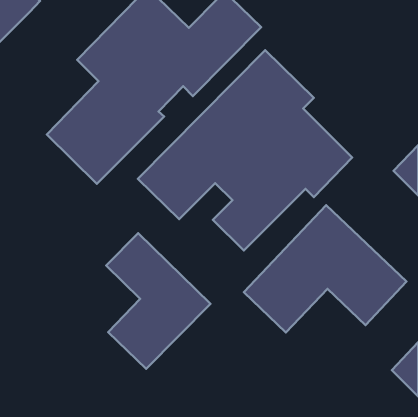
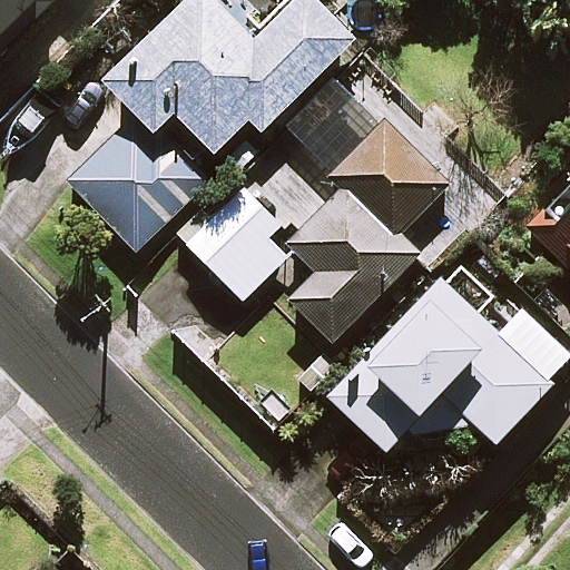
building: [106,233,210,369] -> none

